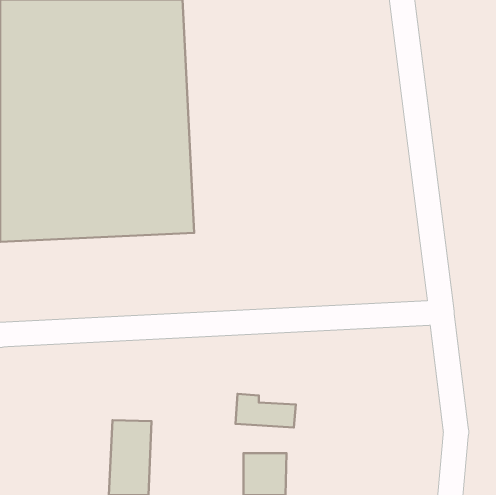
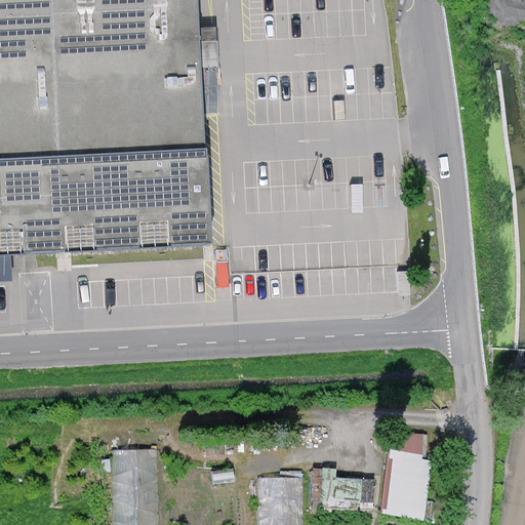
building: [236,394,296,428] -> [310,469,373,504]
building: none -> [377,429,431,519]

